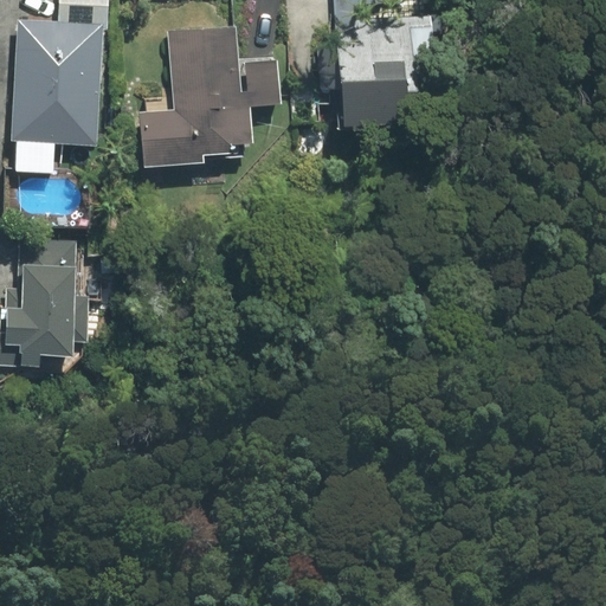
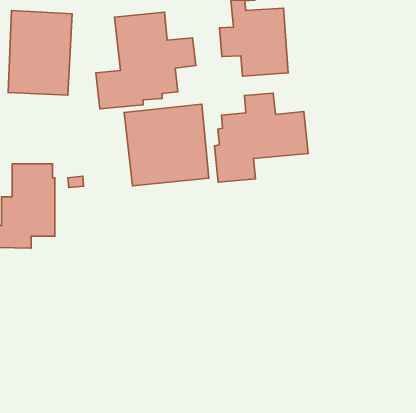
building: none -> [215,93,308,182]
building: none -> [124,104,209,186]

